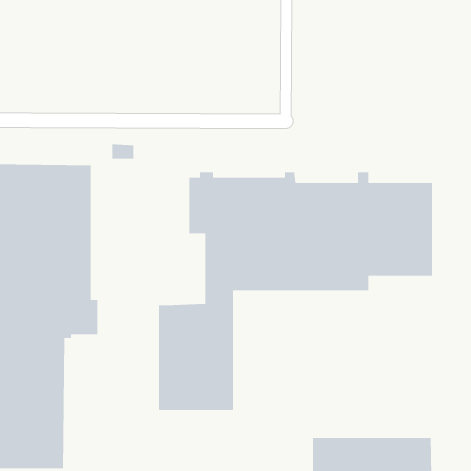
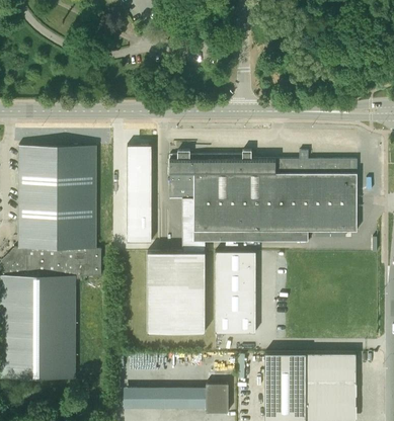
building: none -> [127,147,151,243]
building: none -> [215,253,255,334]

